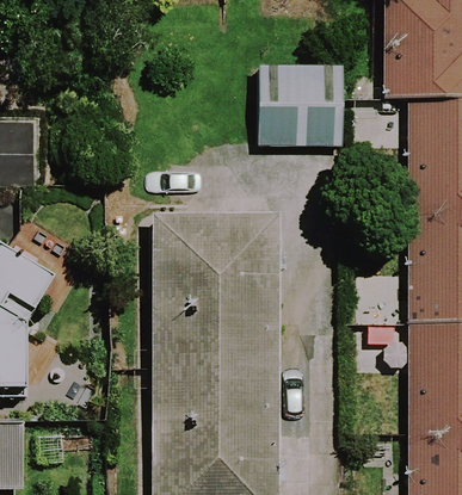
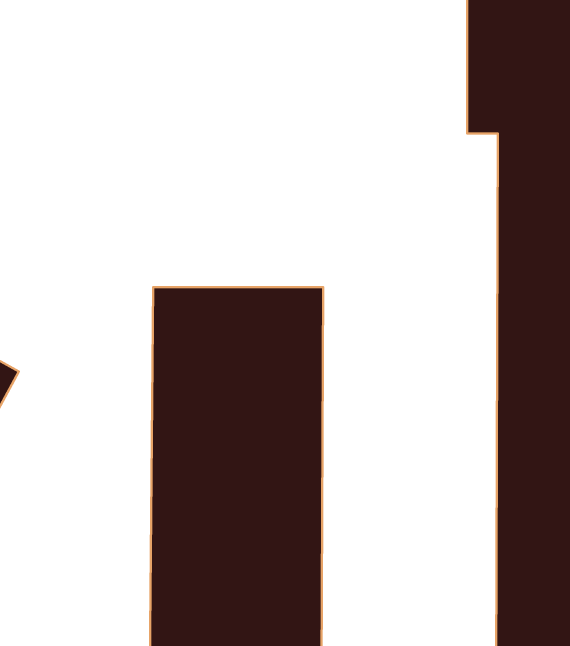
building: [257,67,343,149] -> none

